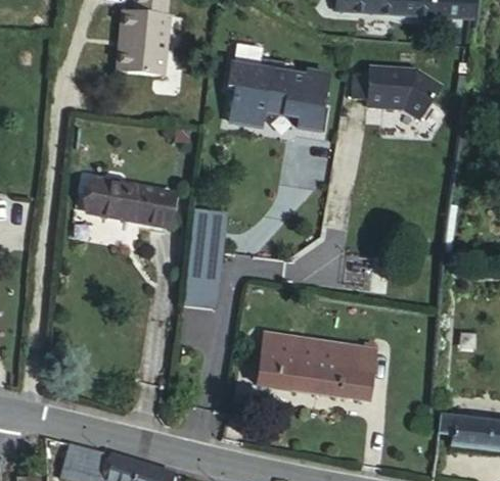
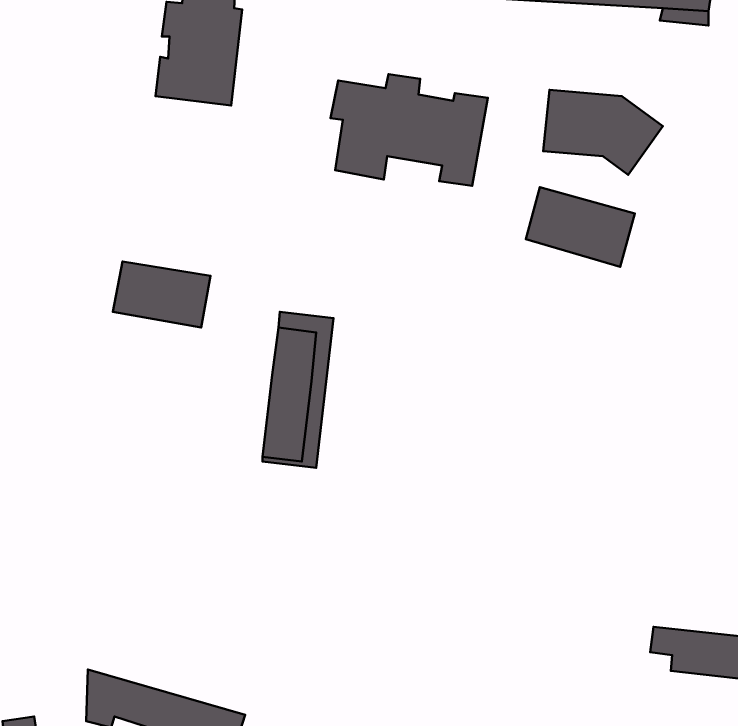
building: none -> [526,187,635,267]
building: [143,187,172,225] -> none
building: [256,332,374,400] -> none

